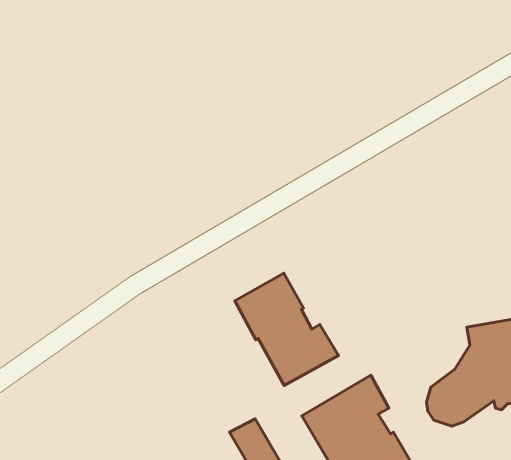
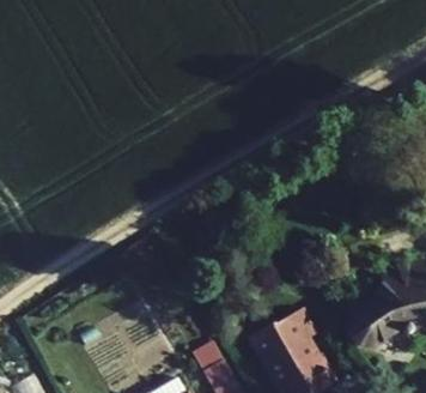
building: [235,273,338,386] -> none

